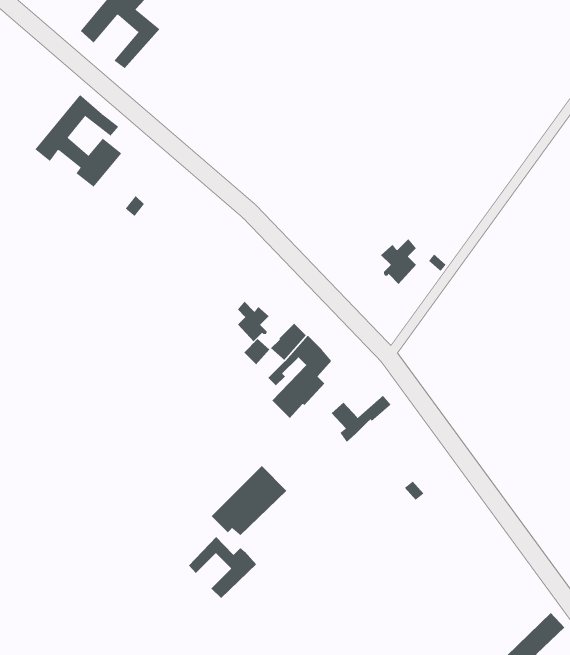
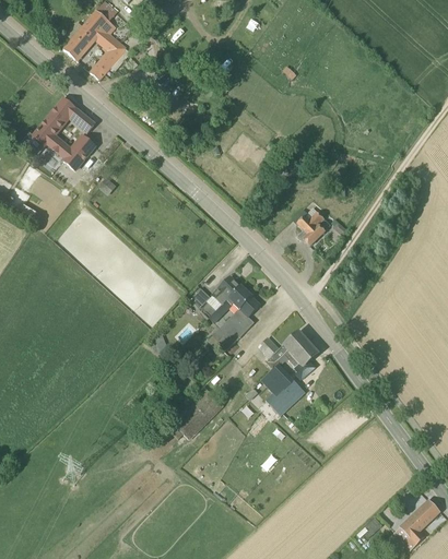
building: [237,301,270,342] -> none
building: none -> [287,338,318,367]
building: none -> [259,361,303,415]
building: [188,536,258,599] -> none

